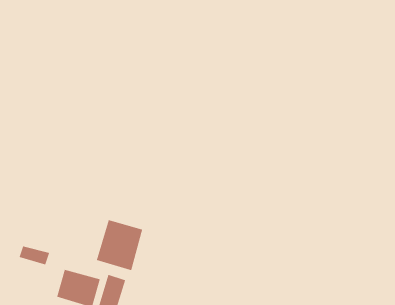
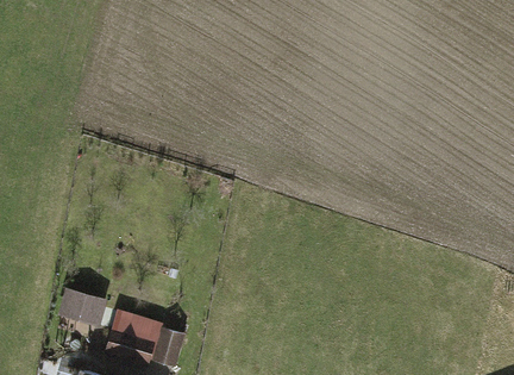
building: [96,219,143,271] -> none

